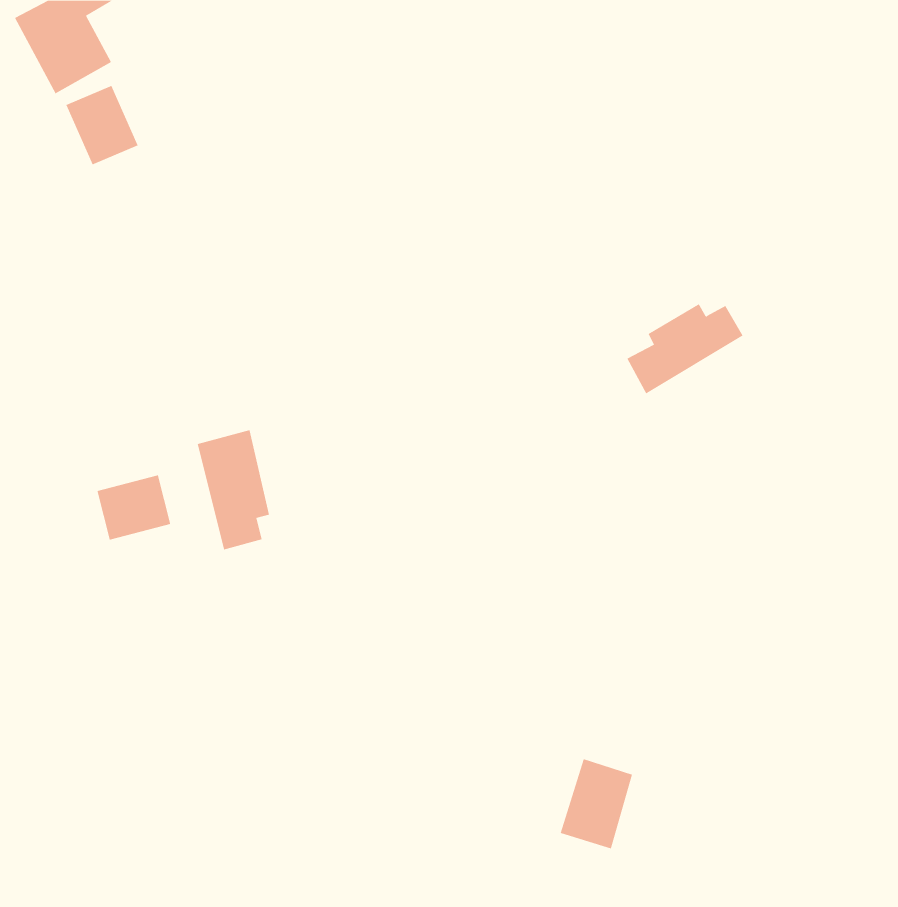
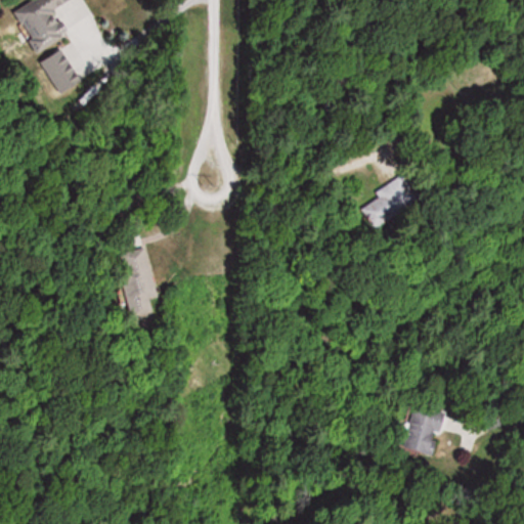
building: [97,474,171,541] -> none
building: [560,758,633,849] -> [404,403,446,455]

